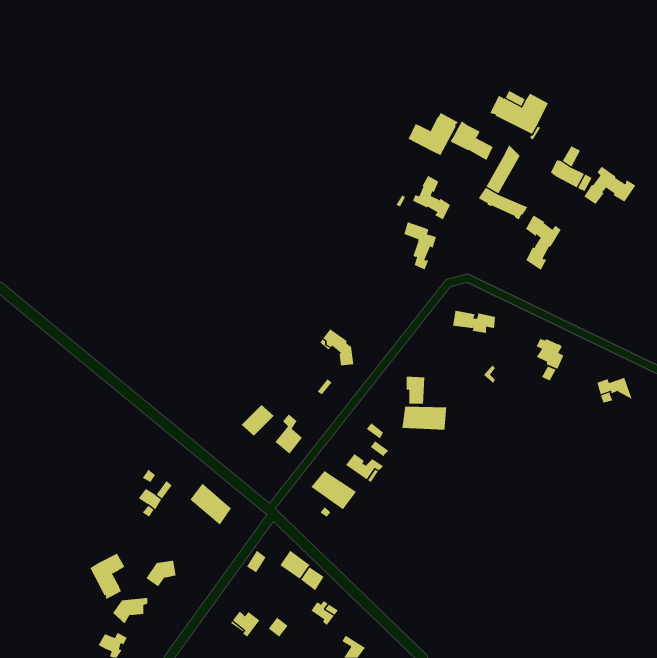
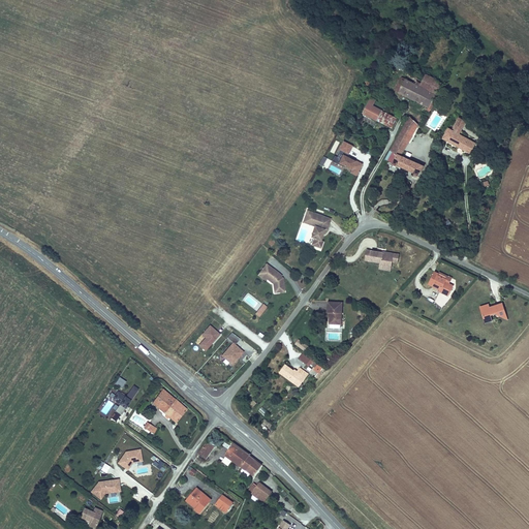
building: [408,112,459,156] -> none
building: [584,166,636,205] -> none
building: [525,215,561,271] -> none
building: [403,221,437,270] -> [302,210,329,249]
building: [402,406,447,430] -> none
building: [310,470,357,510] -> none
building: [89,553,125,600] -> none

